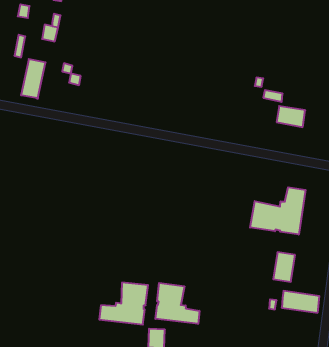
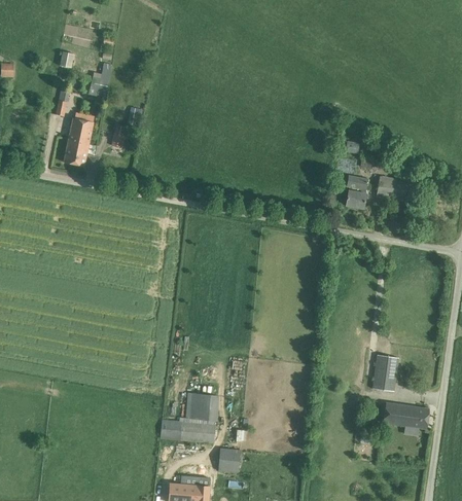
building: none -> [345,176,368,209]
building: [250,187,306,235] -> none
building: [155,283,199,324] -> none

